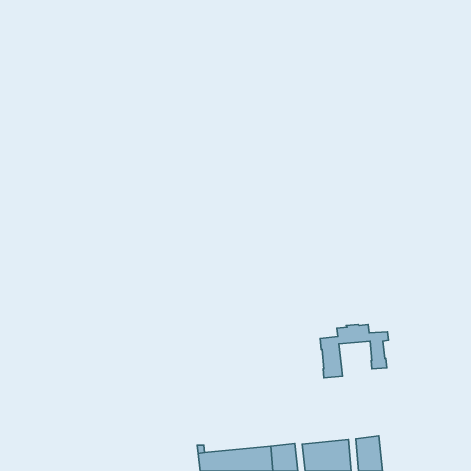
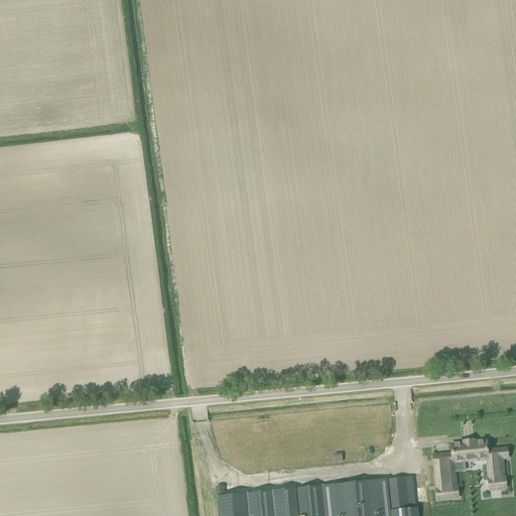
building: [320,325,389,378] -> [433,441,508,500]

